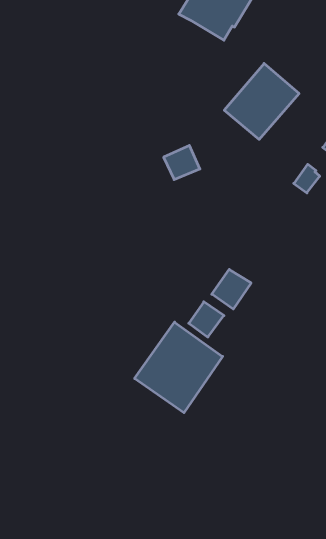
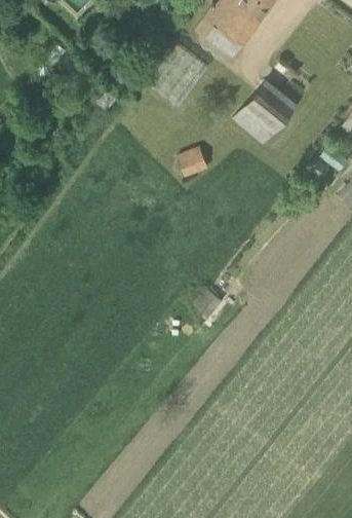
building: [212,269,251,309] -> none
building: [135,322,223,413] -> none

